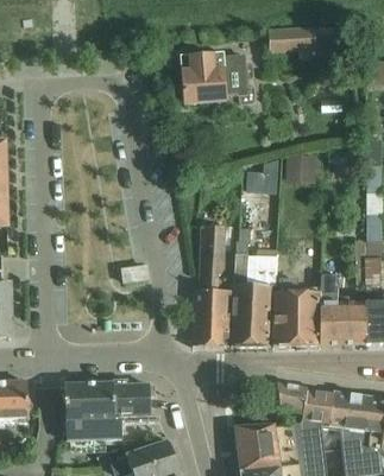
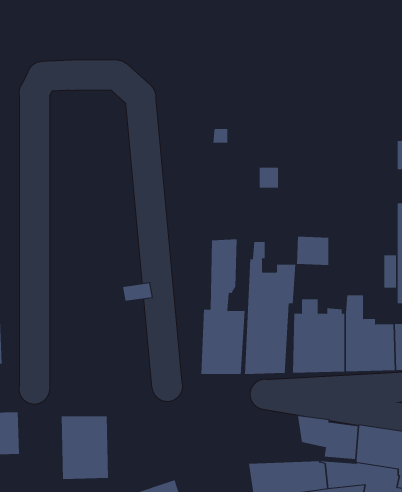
building: [267,28,347,59] -> none
building: [180,53,244,106] -> none
building: [283,156,313,182] -> [296,236,329,265]
building: [107,383,150,440] -> none

